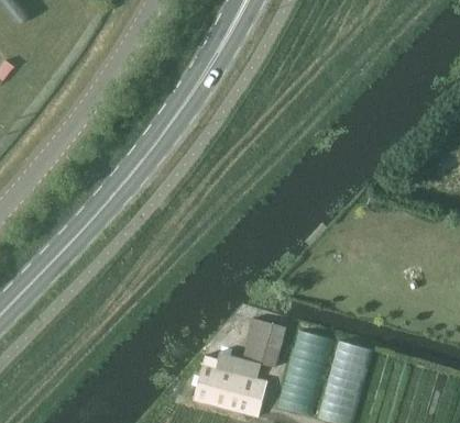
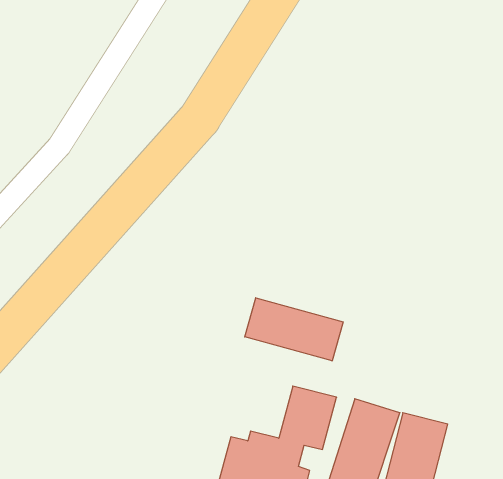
building: none -> [245,298,343,361]

